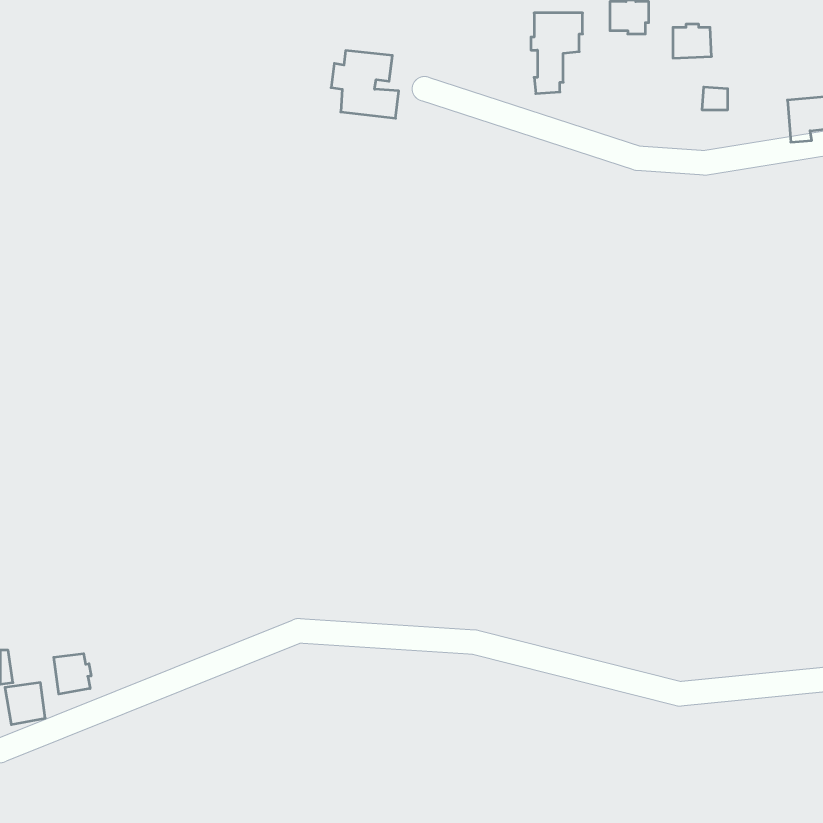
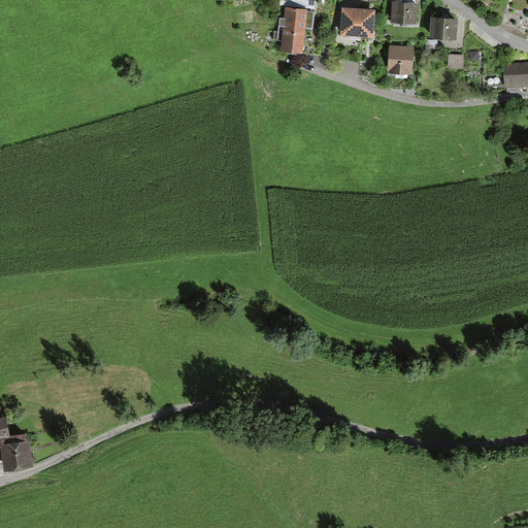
building: [331,51,399,118] -> [275,8,319,52]
building: none -> [388,47,412,72]
building: [54,654,91,694] -> none

